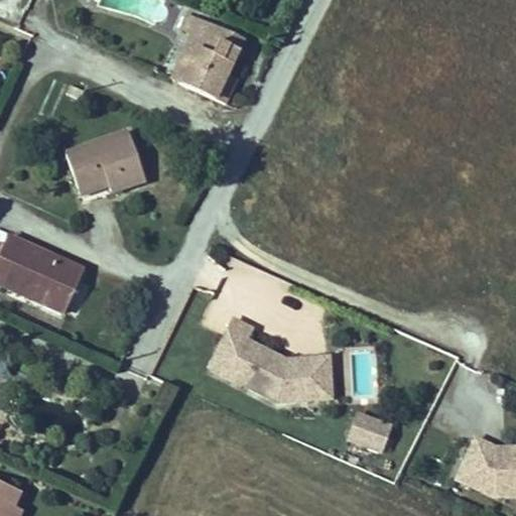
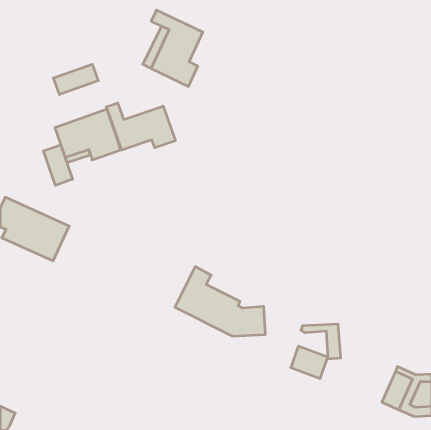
building: none -> [53,64,98,95]
building: none -> [106,103,175,150]
building: none -> [43,145,73,185]
building: [285,357,333,398] -> [301,324,341,359]

